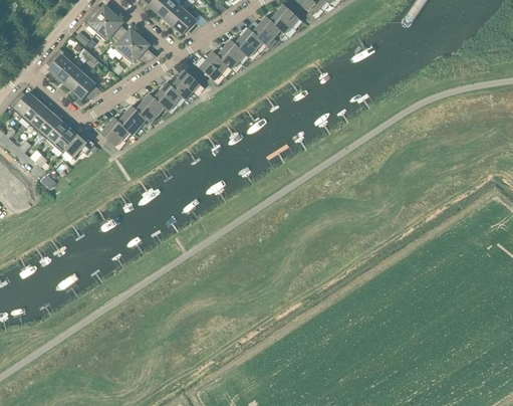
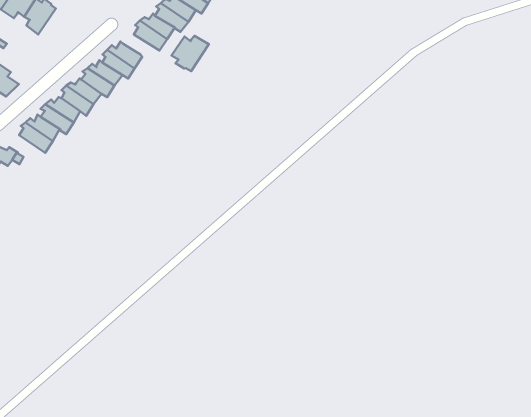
building: [122,37,157,63] -> none
building: none -> [171,36,209,71]

